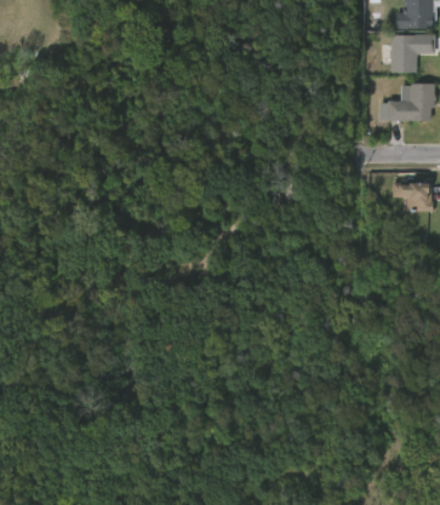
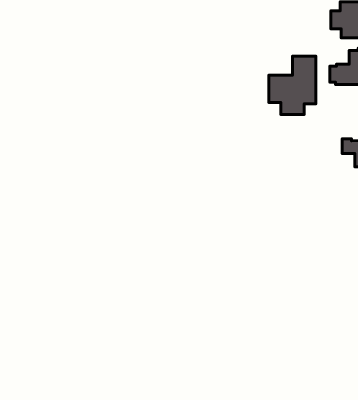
building: none -> [269,56,316,115]

